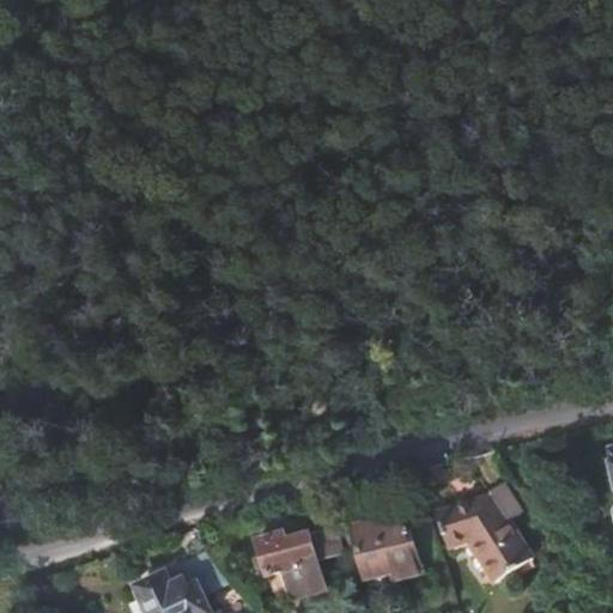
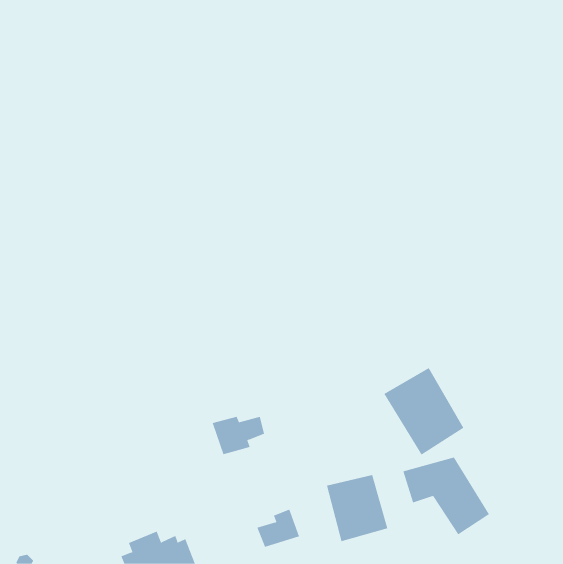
building: none -> [384,367,464,455]
building: [256,532,314,573] -> [212,416,265,455]

